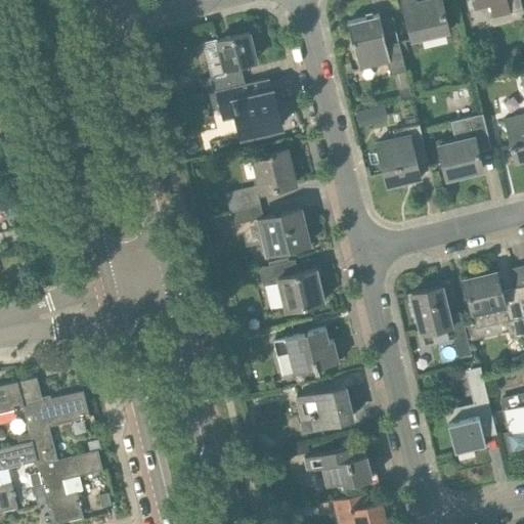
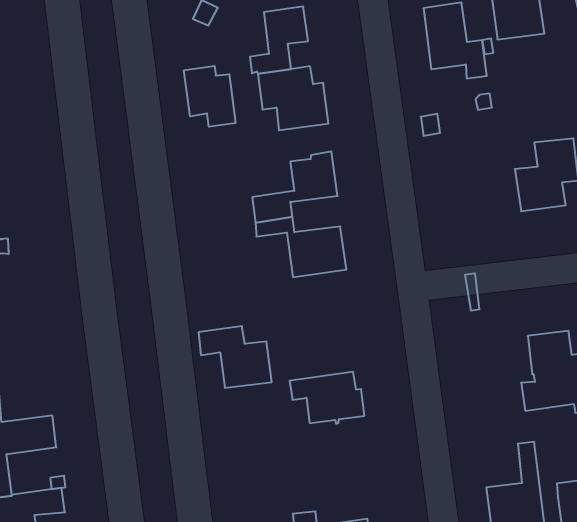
building: none -> [184,66,235,127]
building: [380,125,423,186] -> none
building: [260,260,324,312] -> [199,326,272,388]
building: [411,287,472,359] -> none
building: [298,387,352,430] -> none

